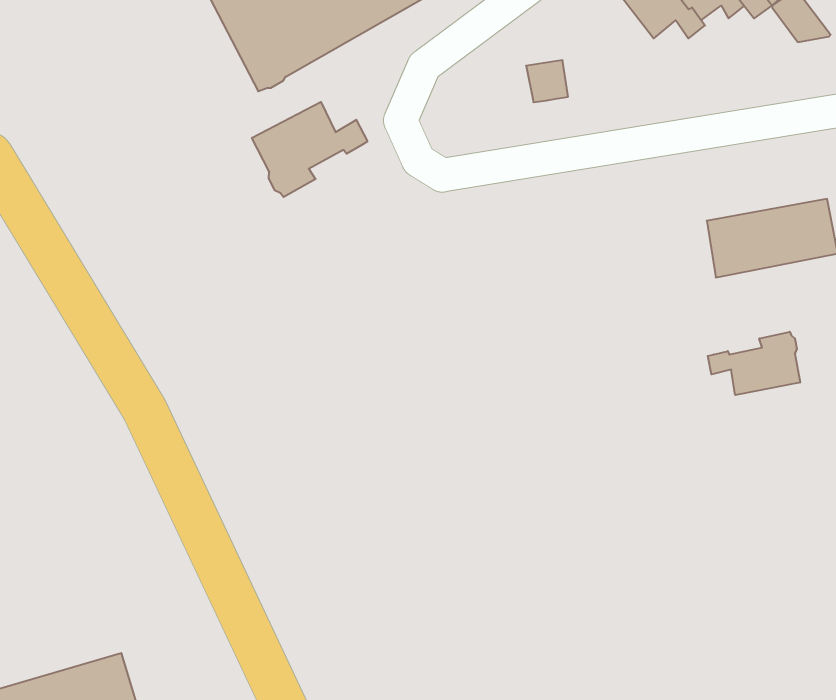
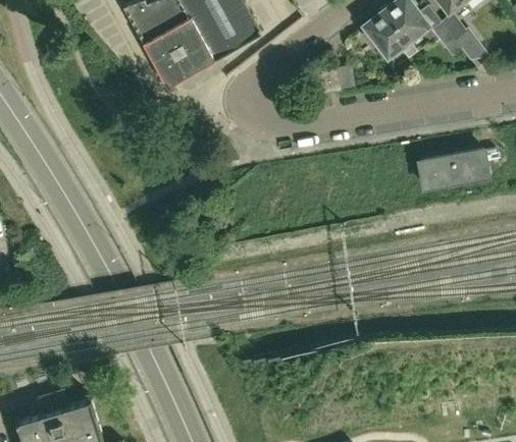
building: [252,102,367,197] -> none
building: [708,332,800,395] -> none

